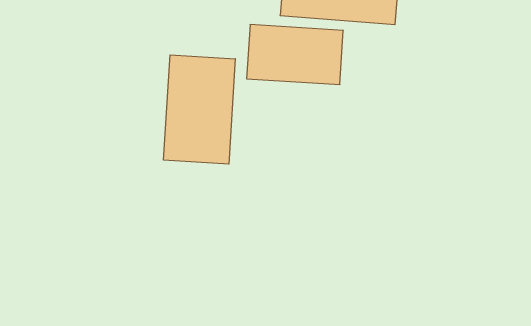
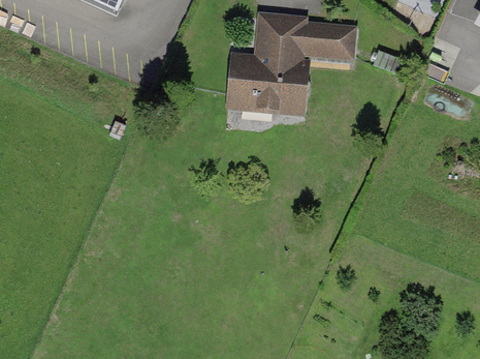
building: [164,55,235,164] -> none

